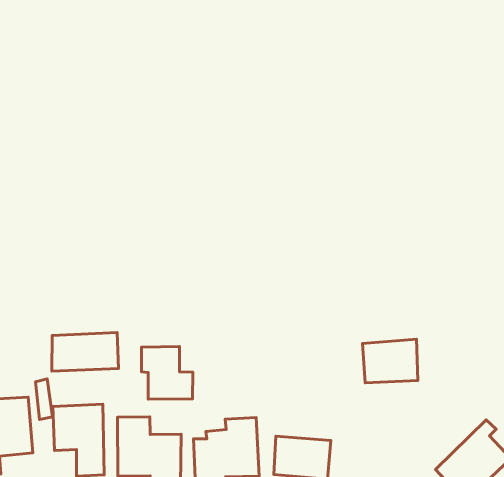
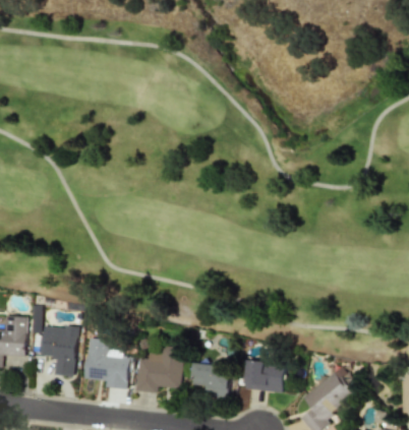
building: [52,333,119,371] -> none
building: [362,339,418,383] -> [246,362,285,391]
building: [141,346,193,399] -> none

